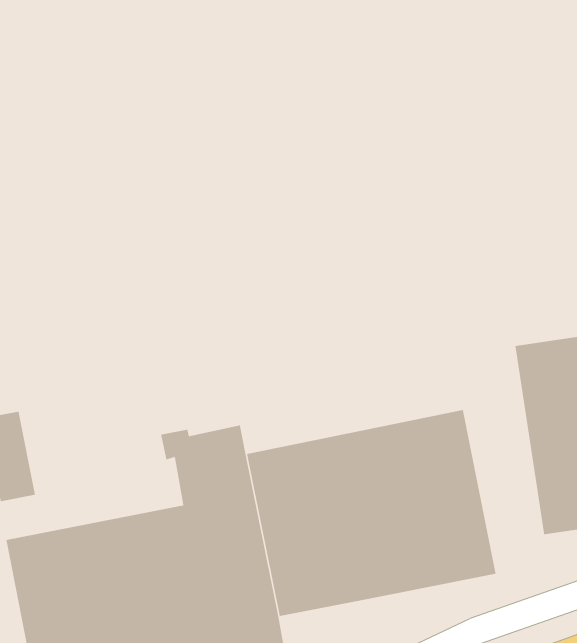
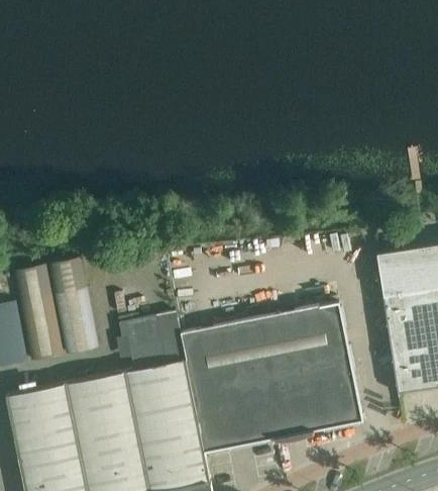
building: none -> [49,257,99,353]
building: none -> [14,265,65,360]

